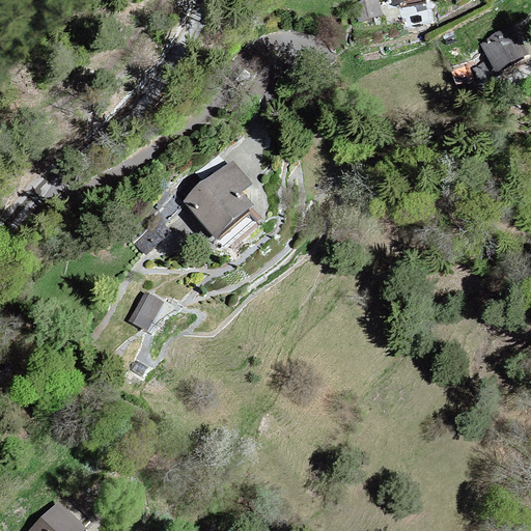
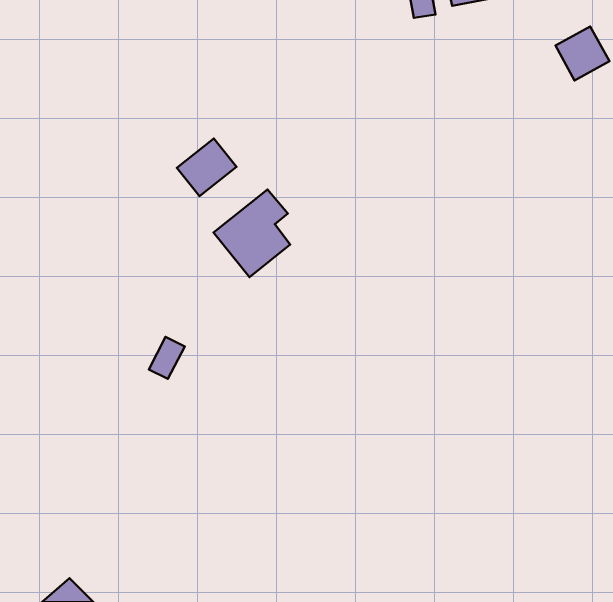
building: none -> [177,138,237,196]

